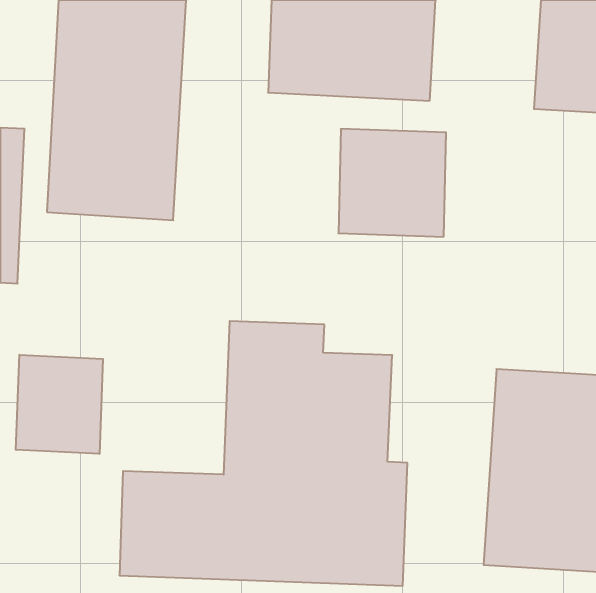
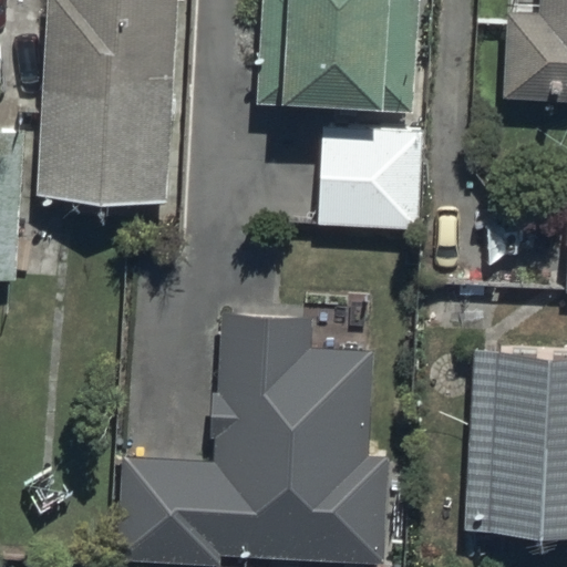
building: [16,355,103,454] -> none

